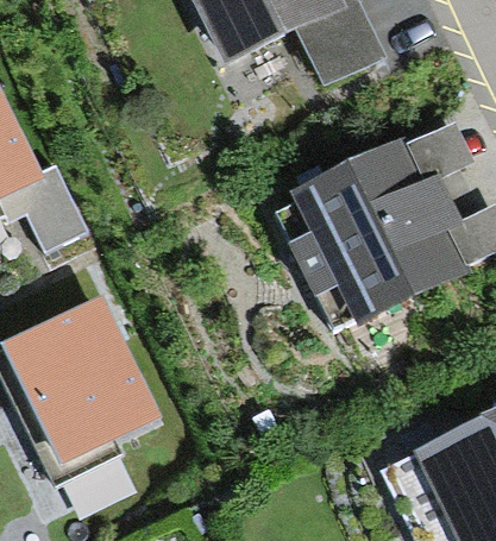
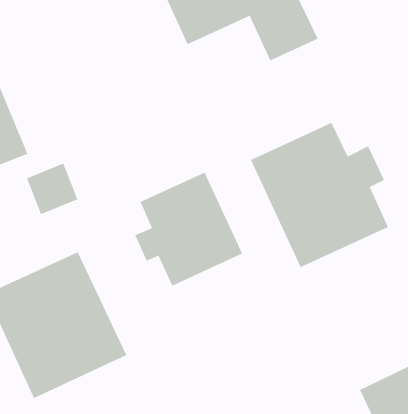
building: none -> [135,172,243,287]

